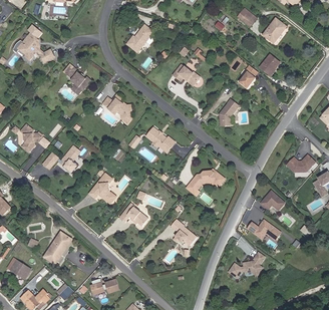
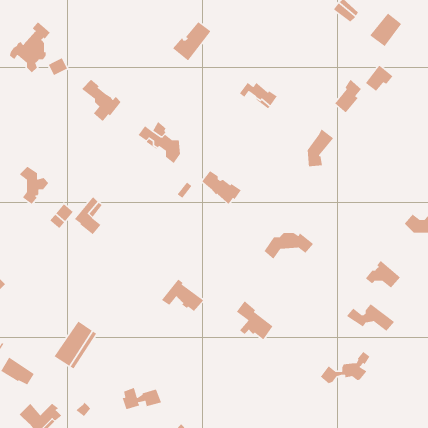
building: [88,174,113,204] -> none

